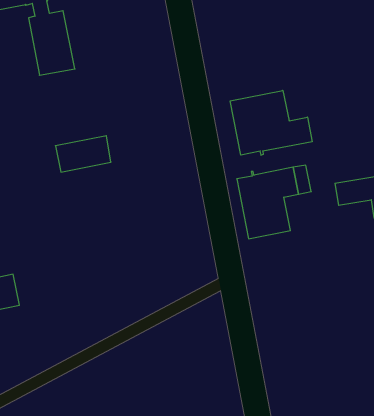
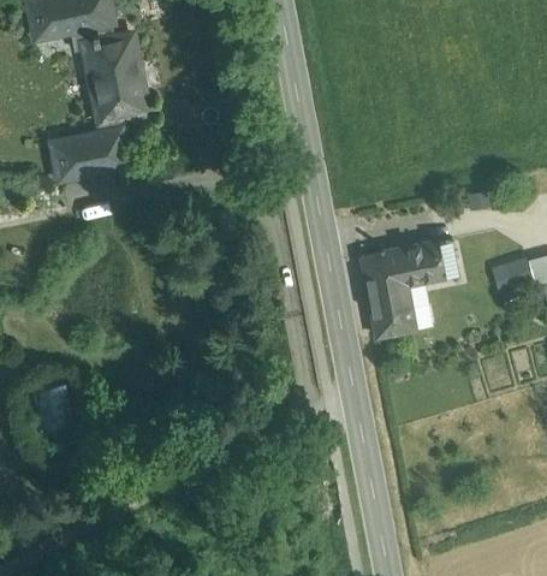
building: [230,90,312,155] -> none
building: [55,136,111,172] -> [52,130,125,178]

